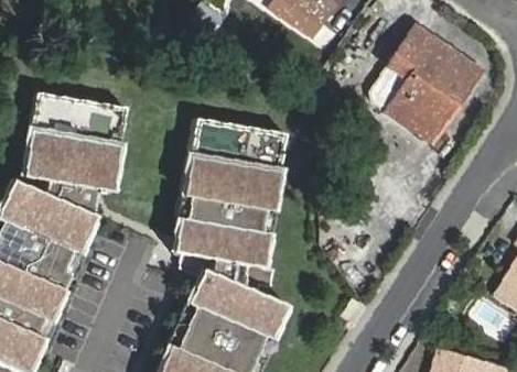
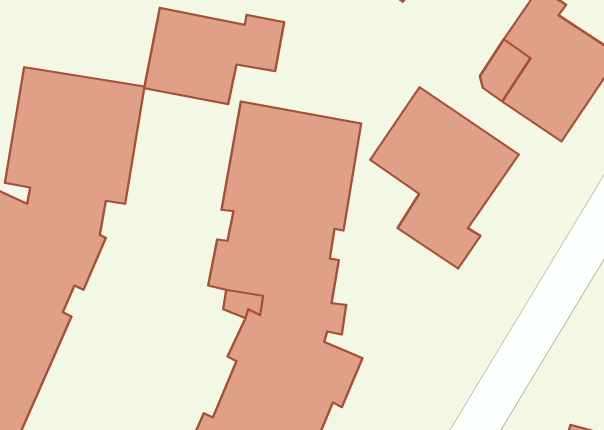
building: none -> [144,8,284,104]
building: none -> [370,87,519,268]

